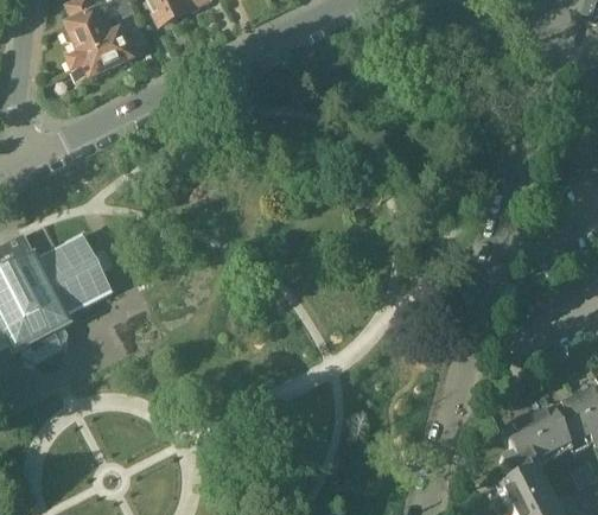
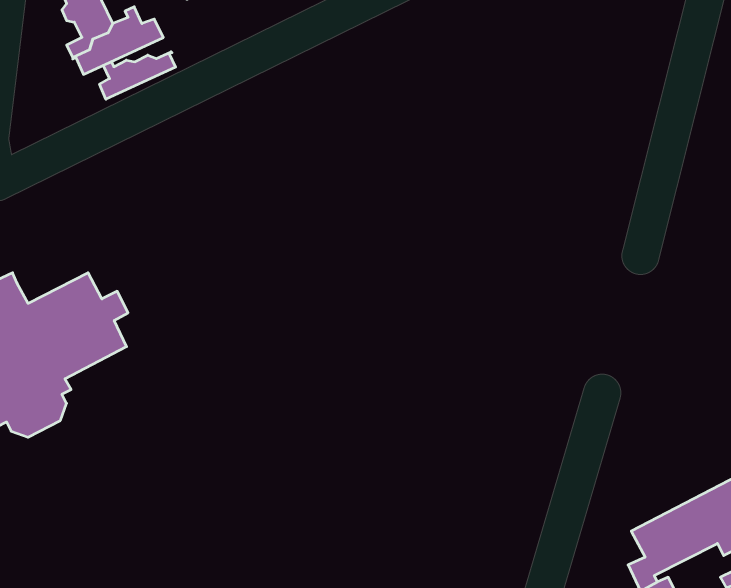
building: none -> [100,52,176,99]

